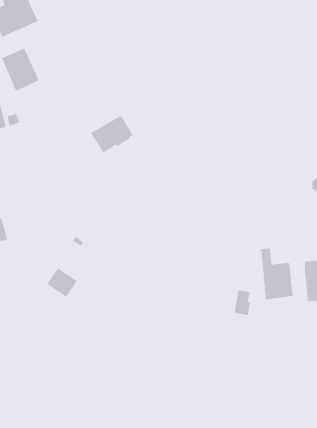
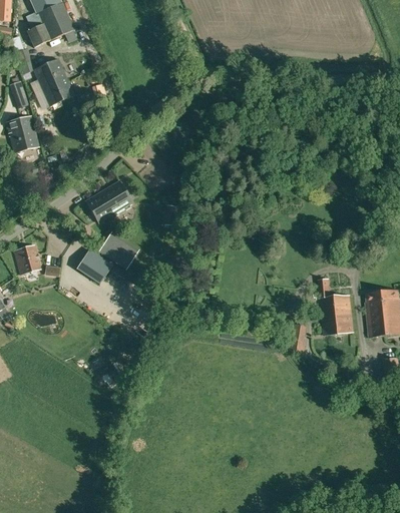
building: [90,115,133,153] -> [84,180,131,222]
building: none -> [99,234,133,267]
building: [46,267,77,298] -> [76,249,110,283]

